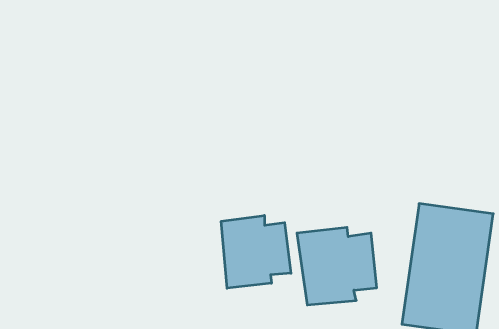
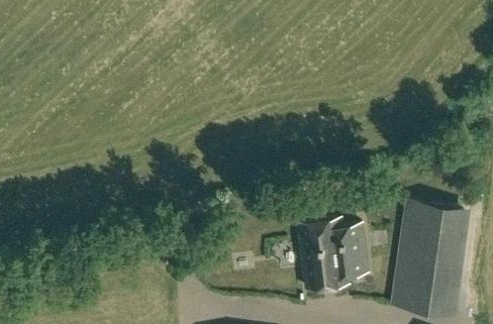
building: [221,215,291,288] -> none

